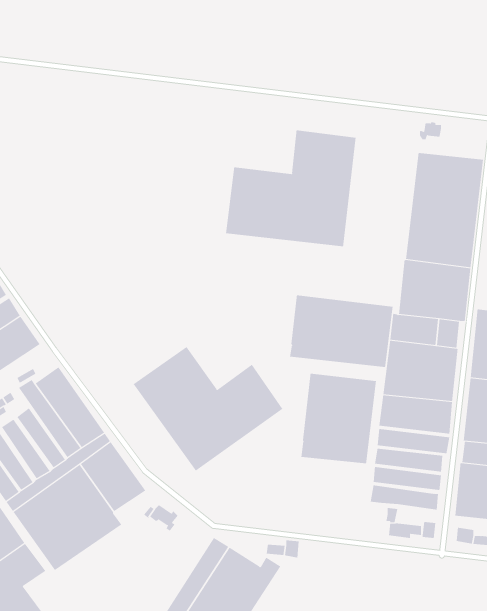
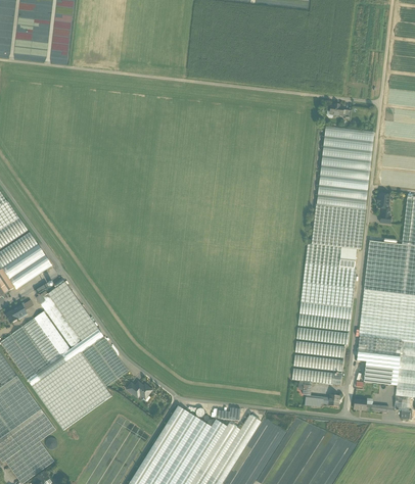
building: [225,129,356,247] -> none
building: [290,294,393,368] -> none
building: [133,346,283,472] -> none
building: [301,373,377,464] -> none

